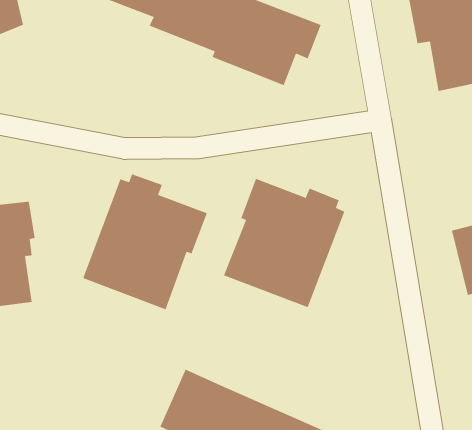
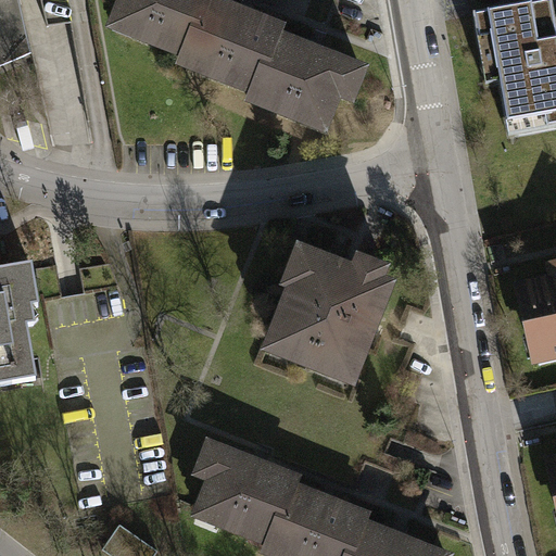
building: [82,174,208,310] -> none

